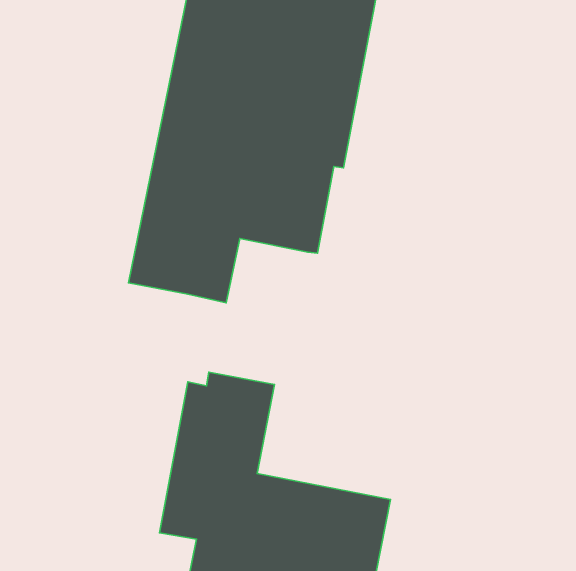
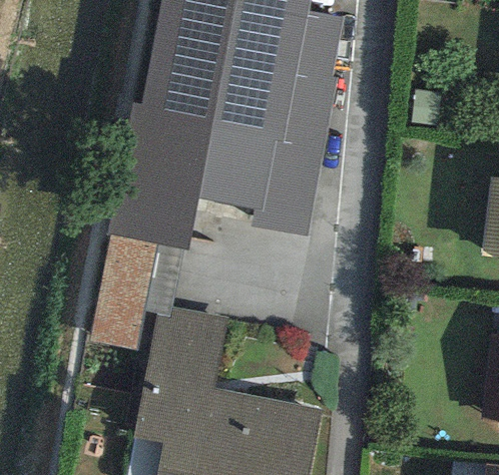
building: none -> [251,11,341,236]
building: none -> [87,235,156,349]

